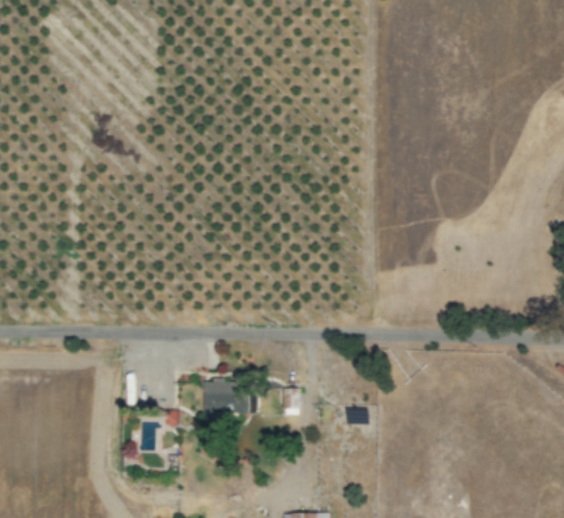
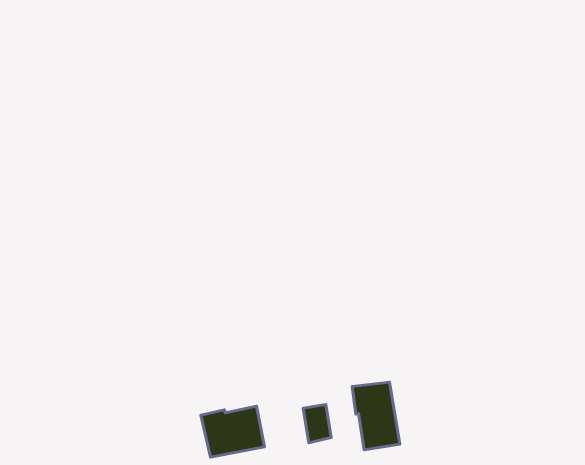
building: none -> [352,382,400,450]

